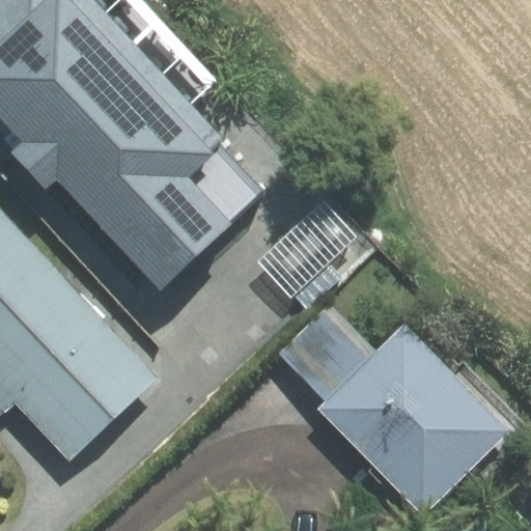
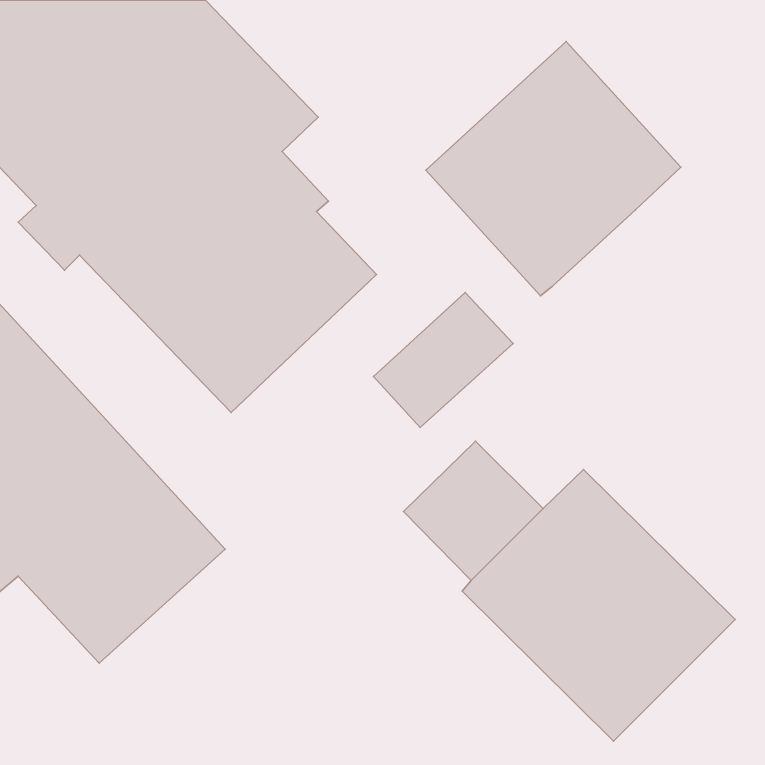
building: none -> [426,41,681,296]

